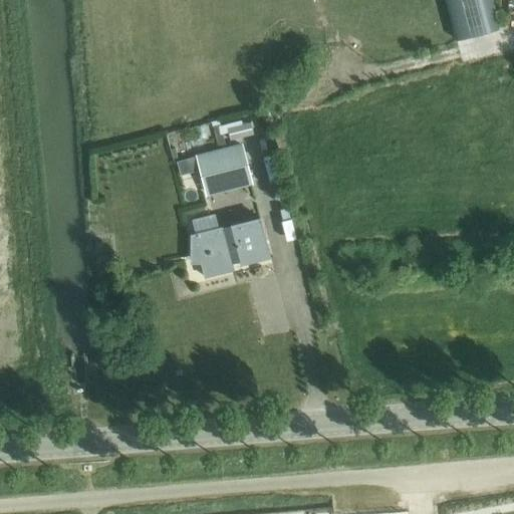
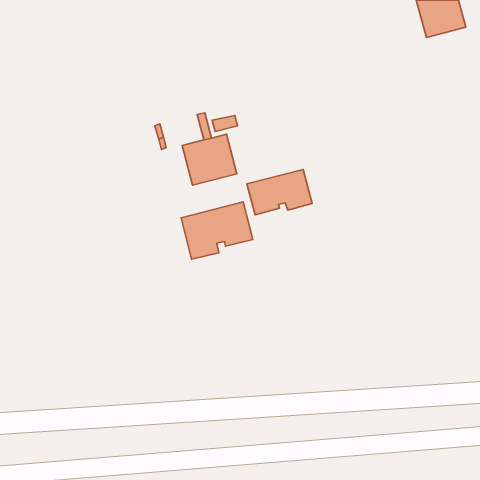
building: none -> [247,169,312,215]

